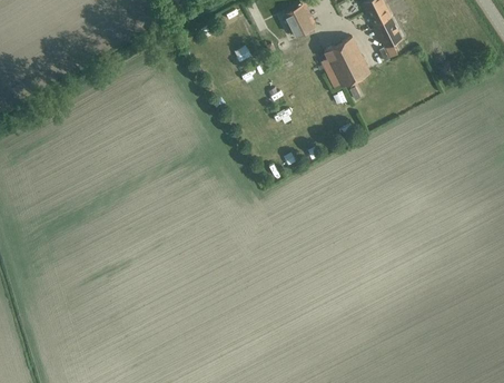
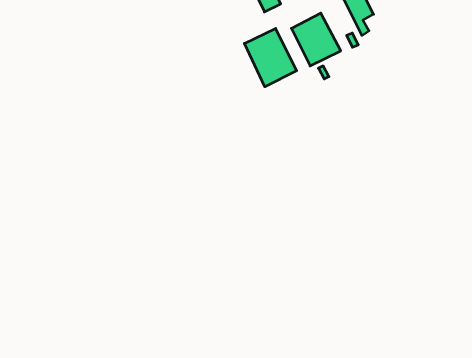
building: none -> [244,28,297,87]

